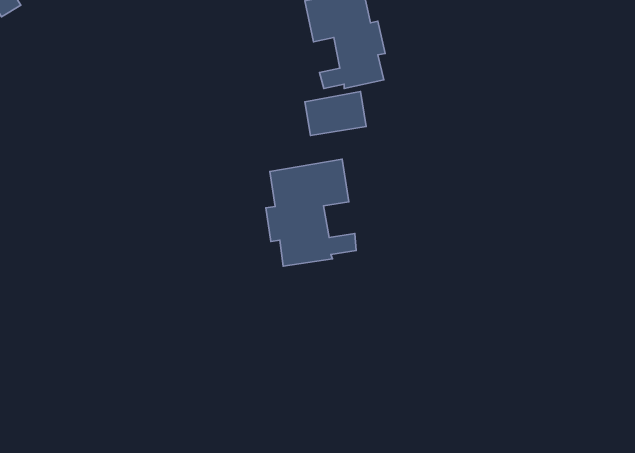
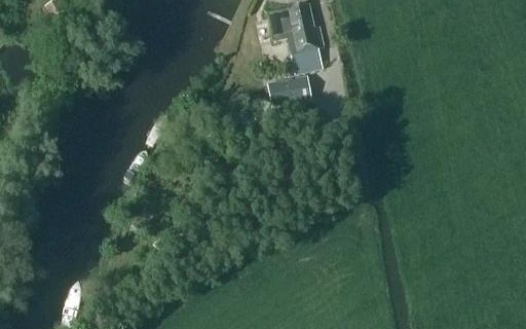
building: [266,159,356,266] -> none

